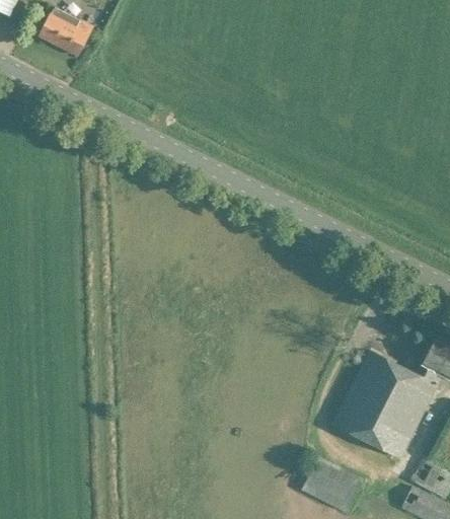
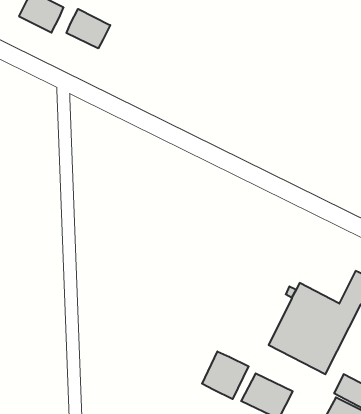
building: none -> [66,9,110,48]
building: none -> [202,351,249,399]

